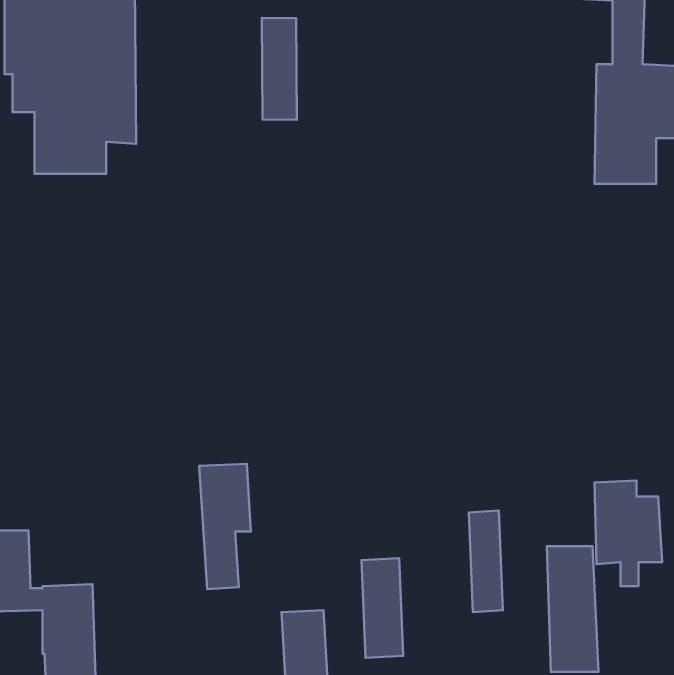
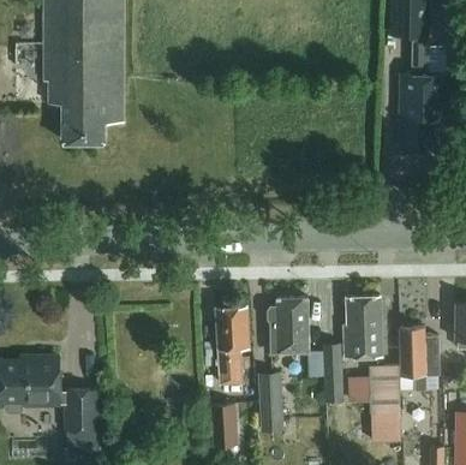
building: [262,18,297,120] -> none
building: none -> [343,297,382,358]
building: none -> [267,298,307,353]
building: [199,464,251,589] -> [216,308,247,383]

